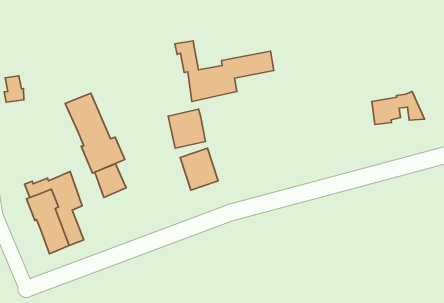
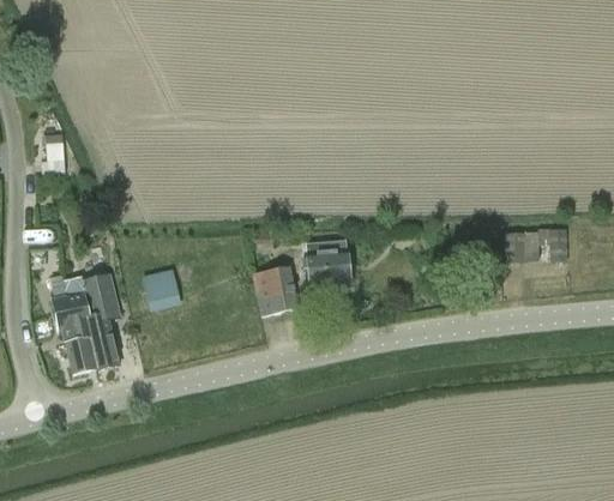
building: [175,41,274,101] -> none
building: [65,93,125,173] -> none
building: [168,109,206,148] -> [306,241,349,286]

